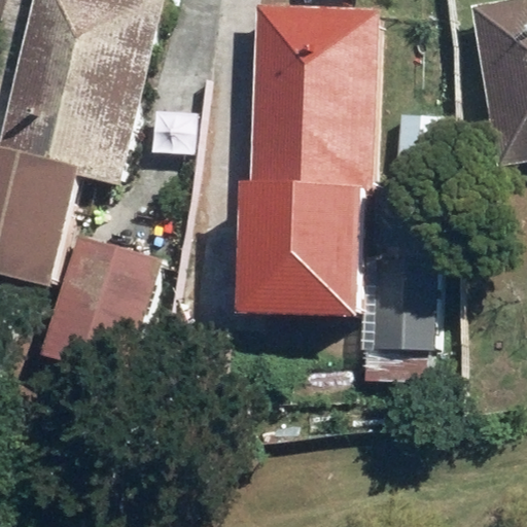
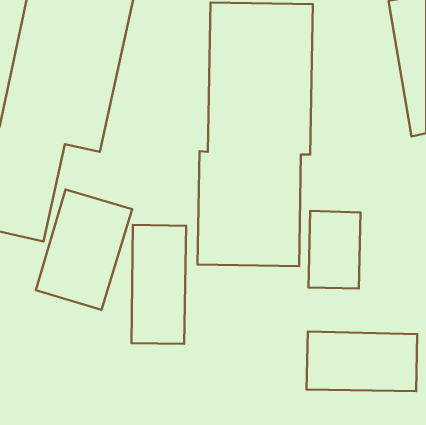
building: none -> [131,225,186,344]
building: none -> [307,332,417,391]

